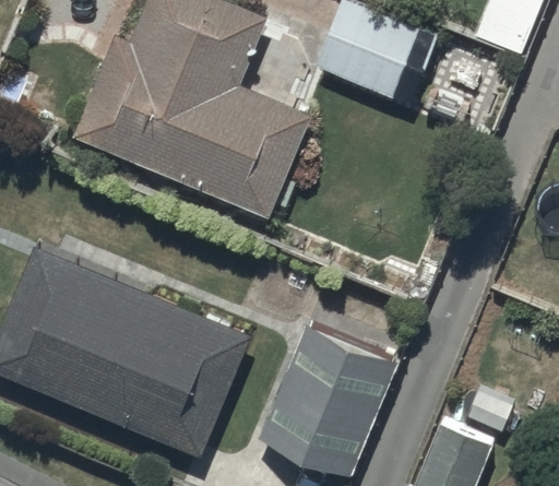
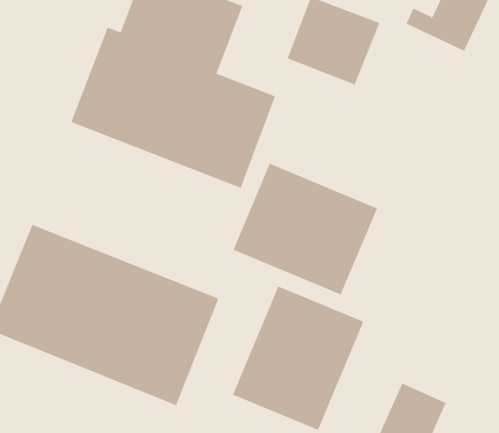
building: none -> [233,163,378,295]

